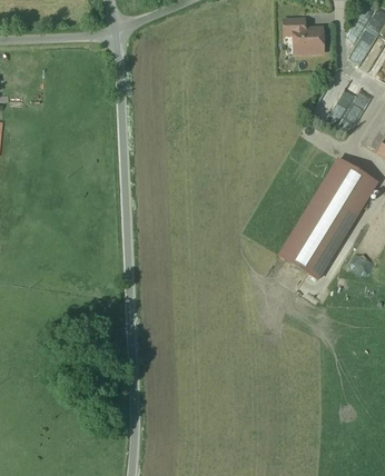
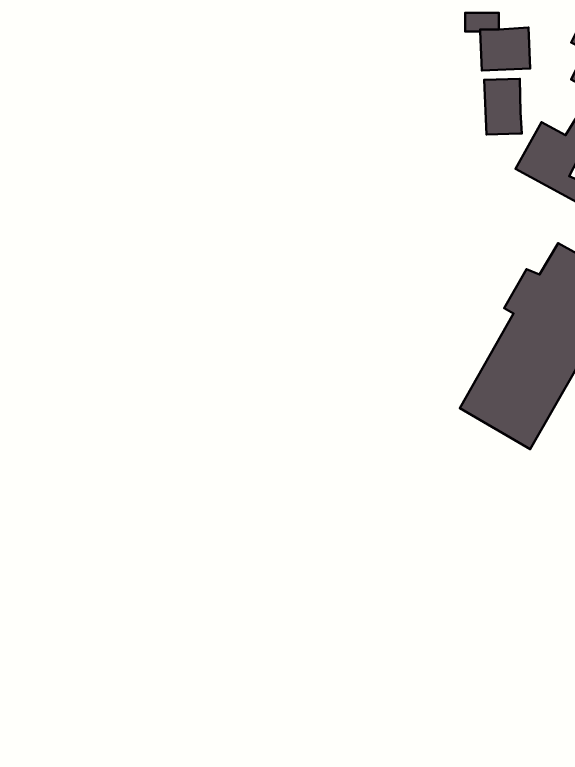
building: none -> [484,79,522,134]

